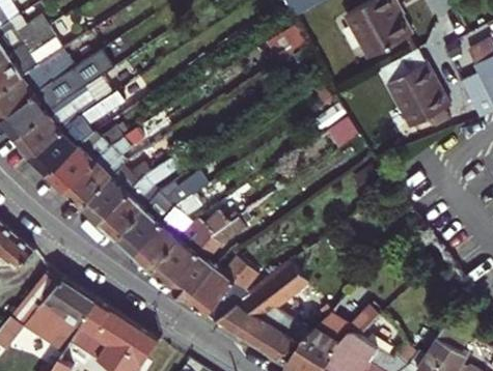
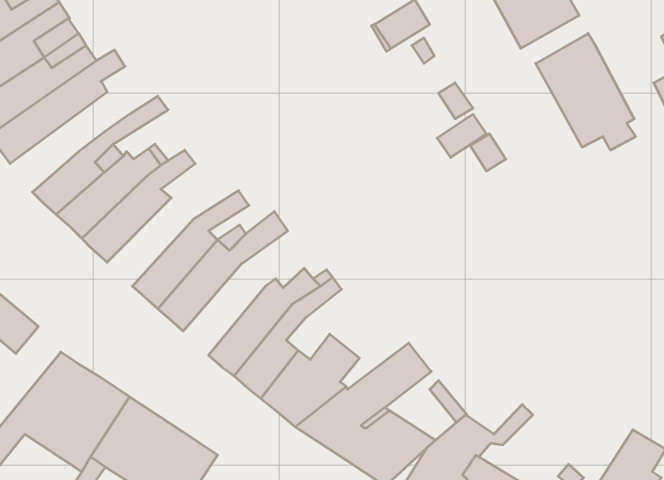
building: [13,87,97,159] -> none
building: [81,163,149,224] -> none
building: [134,195,200,272] -> none

